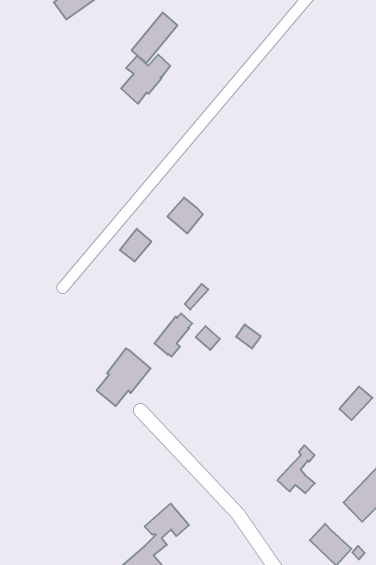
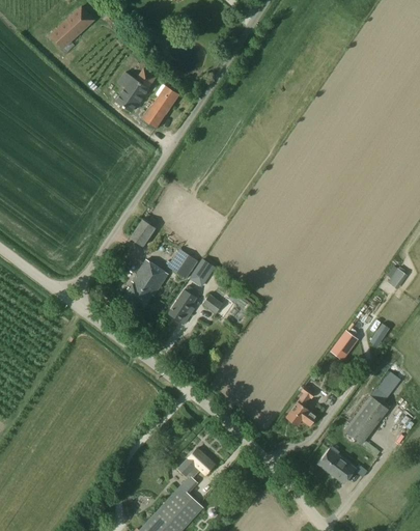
building: [132,12,177,63] -> [142,85,178,130]
building: [167,197,203,233] -> [167,249,197,279]
building: [97,348,151,406] -> [124,259,168,309]

